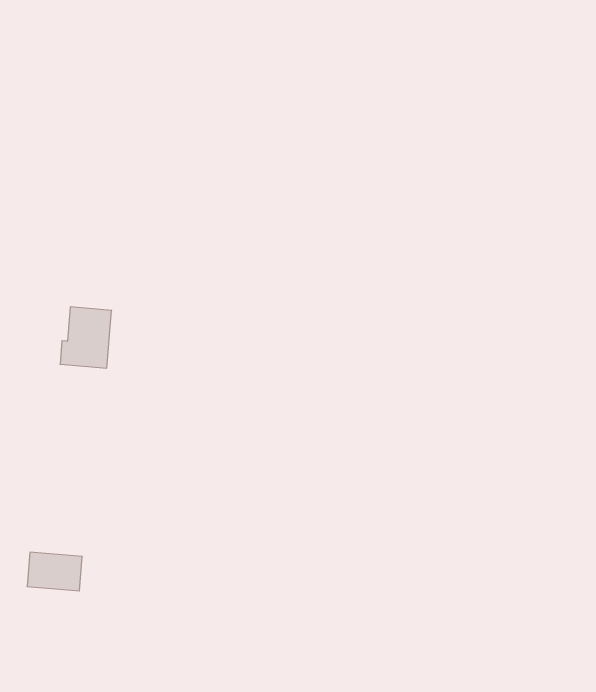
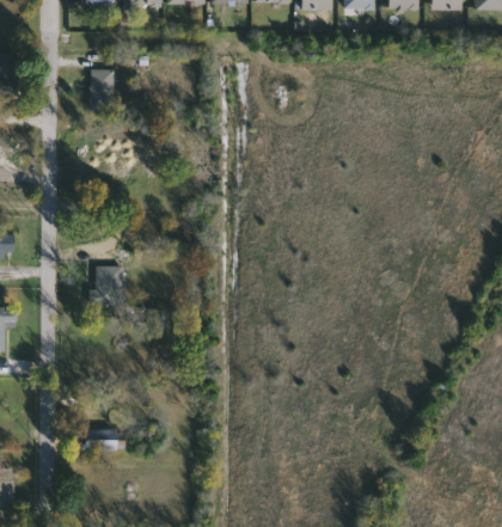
building: none -> [92,71,116,111]

